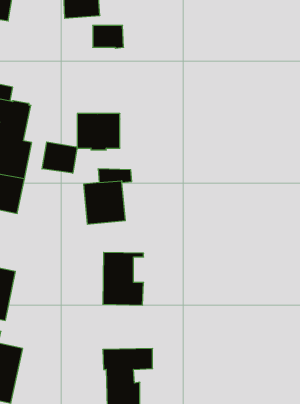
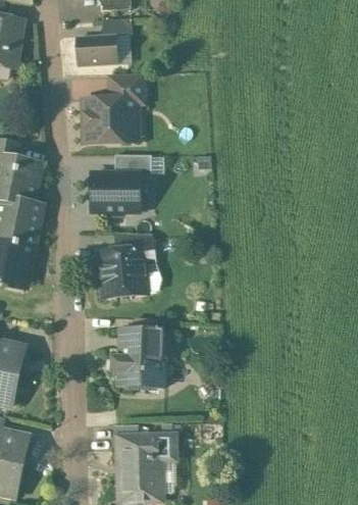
building: none -> [84,98,136,142]
building: none -> [114,154,151,179]
building: [42,142,77,173] -> none

